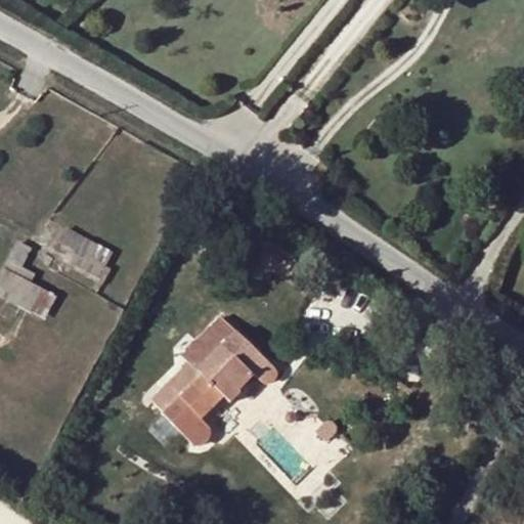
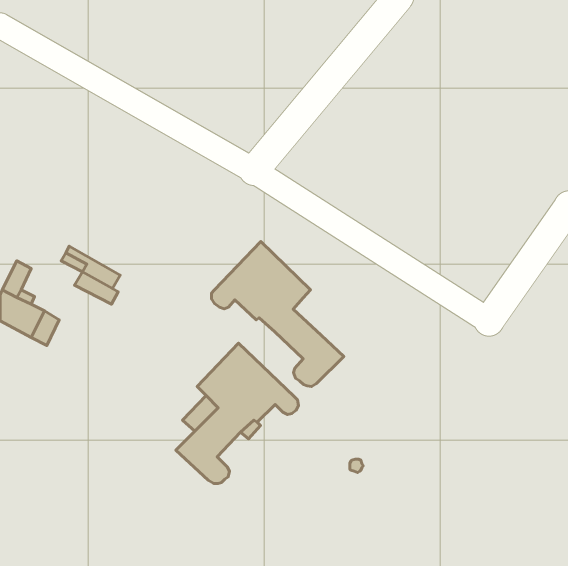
building: none -> [211,242,344,386]

